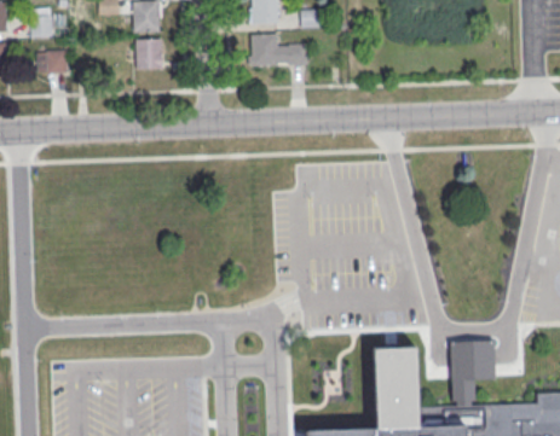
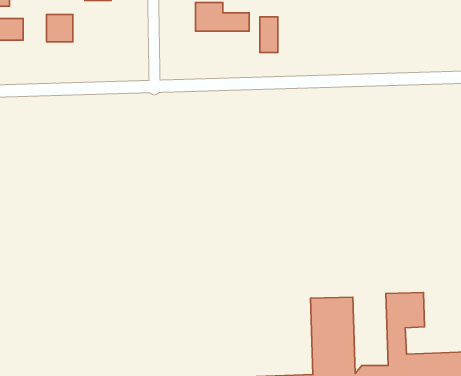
building: [135,39,163,68] -> [47,14,73,42]
building: none -> [260,17,278,53]

